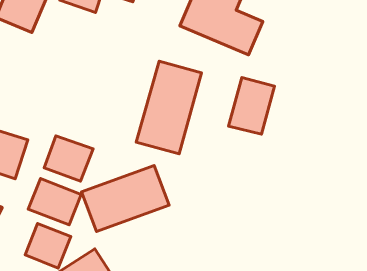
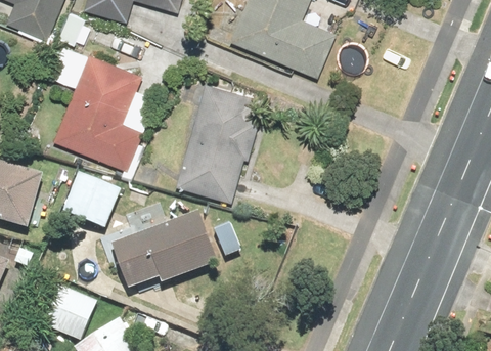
building: none -> [49,45,149,163]
building: [228,77,274,134] -> none
building: [28,178,81,225] -> none

